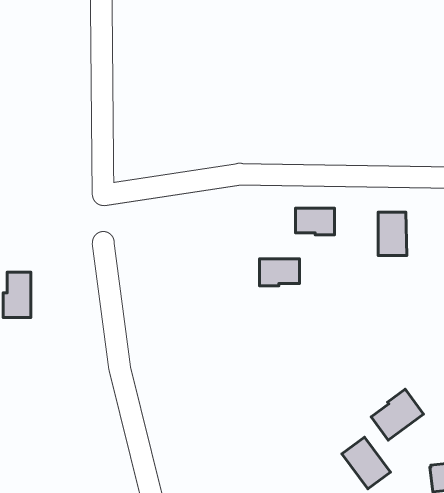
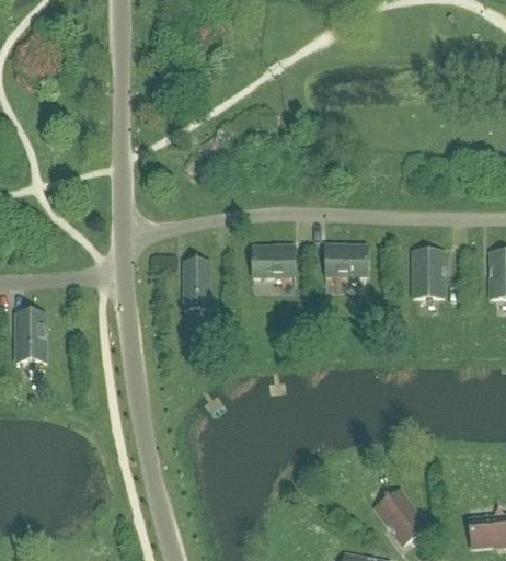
building: none -> [184,260,209,308]
building: [259,259,300,286] -> [252,245,295,274]
building: [371,389,424,440] -> none

